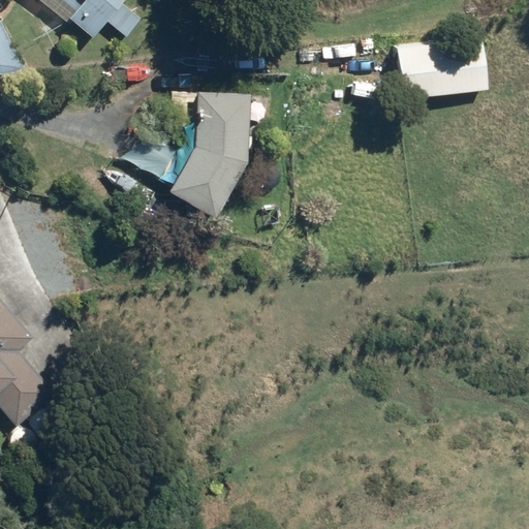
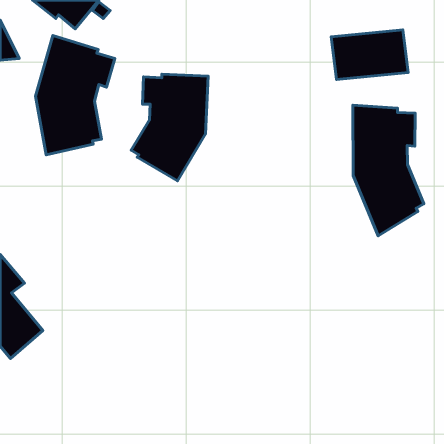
building: none -> [35,35,115,155]
building: none -> [353,105,424,236]

